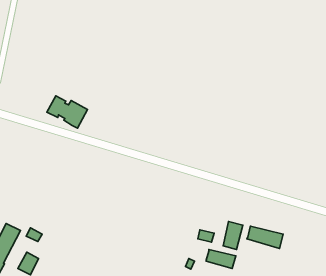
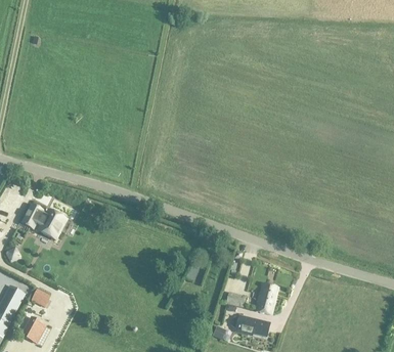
building: [47,96,87,128] -> [20,204,67,240]
building: [247,226,283,248] -> none

